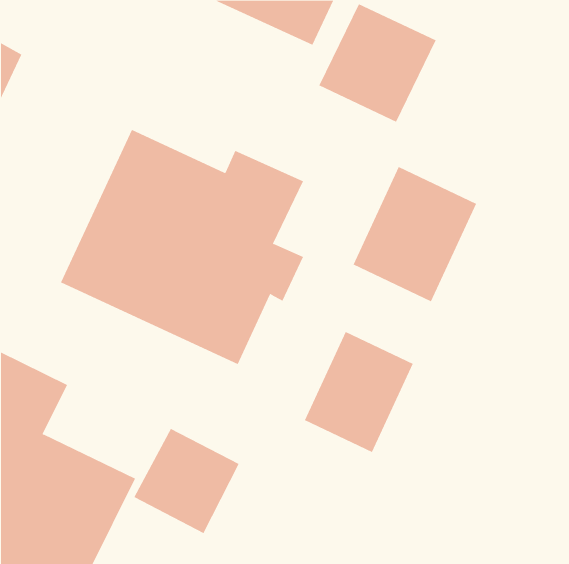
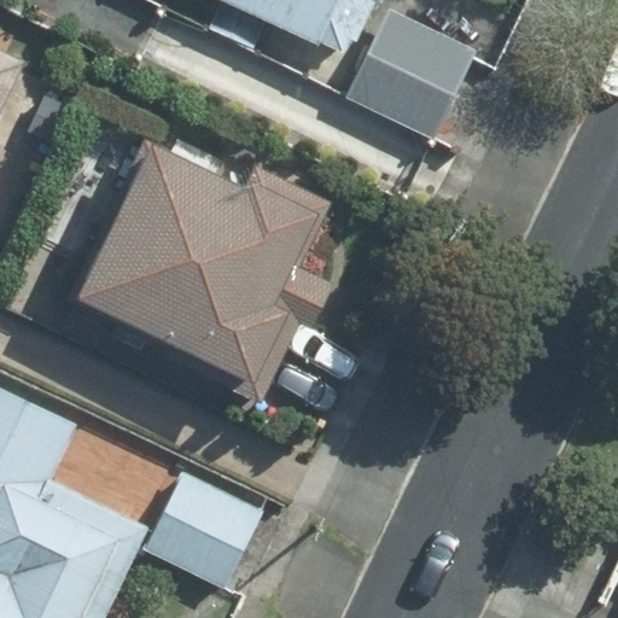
building: [353,166,477,302] -> none
building: [304,331,413,453] -> none

